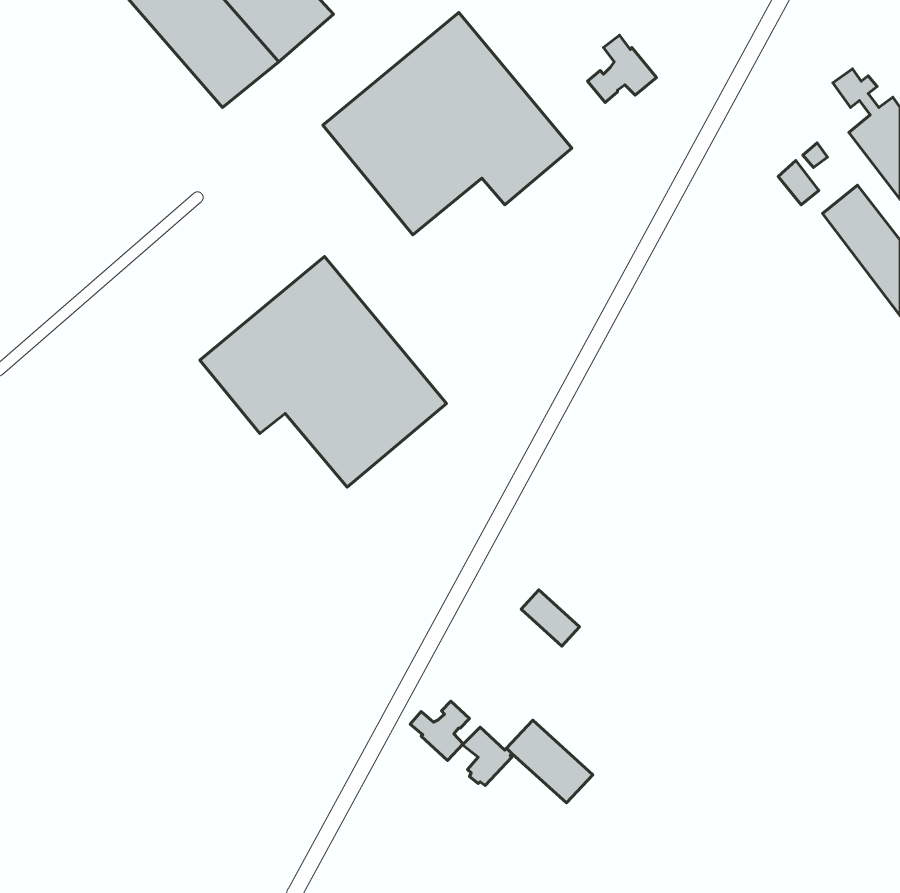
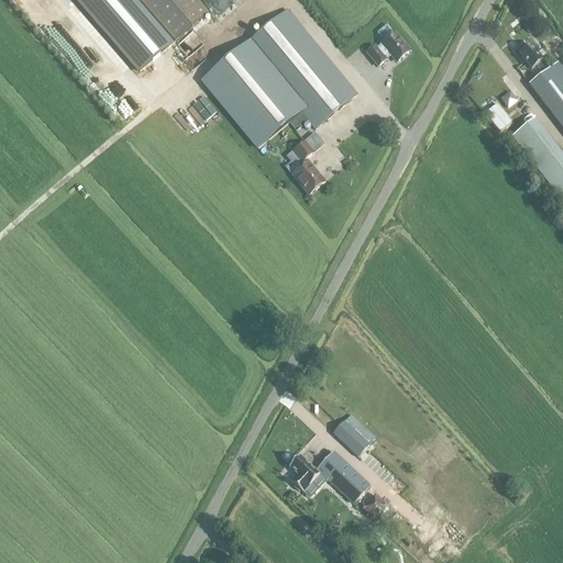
building: none -> [291,140,324,194]
building: [200,257,447,487] -> none
building: [521,590,580,646] -> [332,419,368,454]
building: [410,701,469,761] -> none

